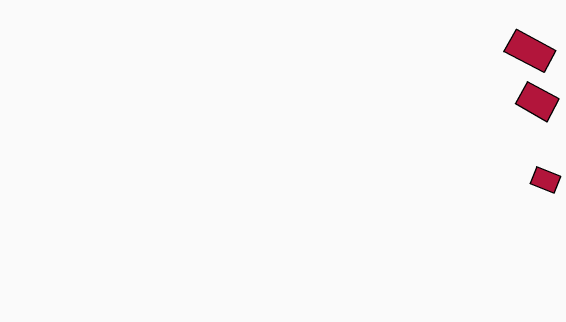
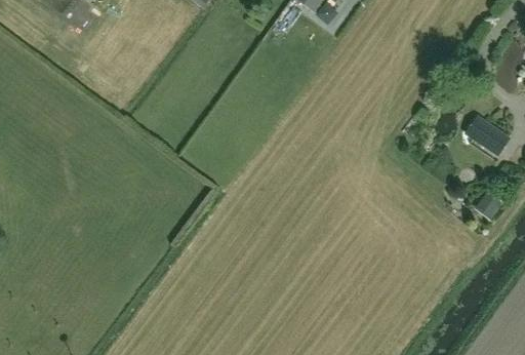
building: [504,29,556,72] -> none

